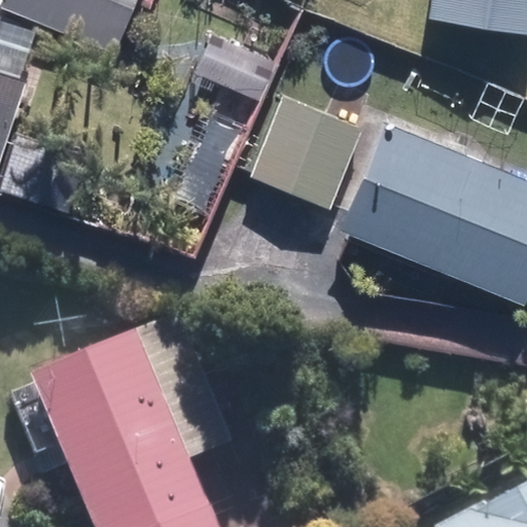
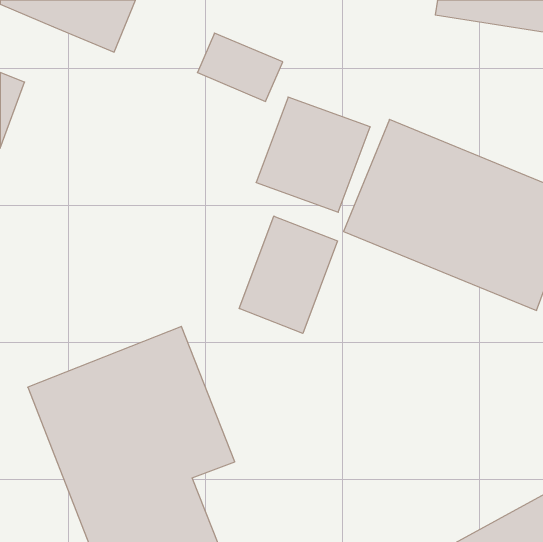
building: none -> [239,216,337,333]

